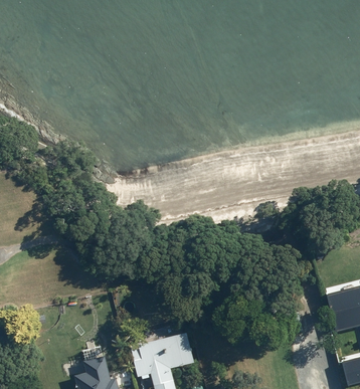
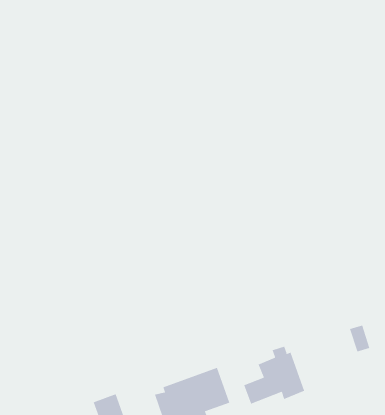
building: none -> [244,346,305,404]

